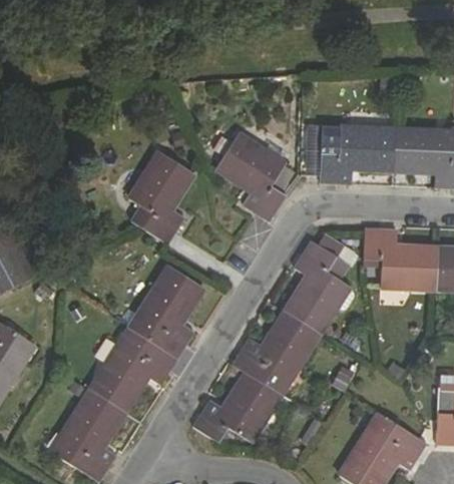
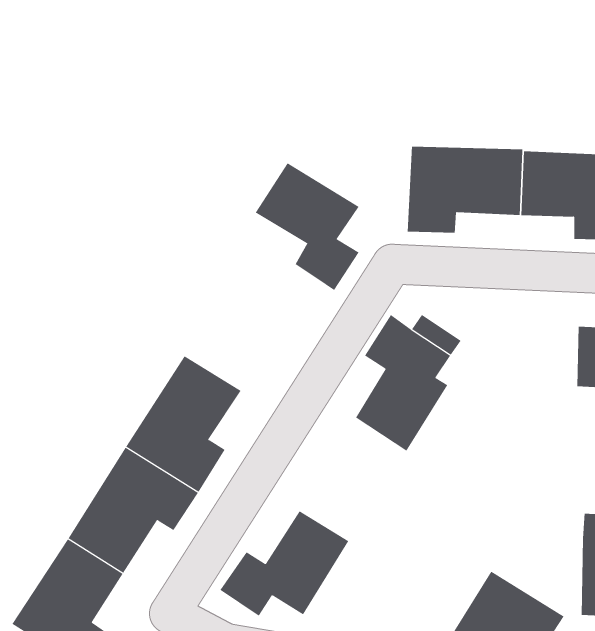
building: [130,153,194,245] -> none
building: [363,229,435,288] -> none
building: [233,309,319,393] -> none

